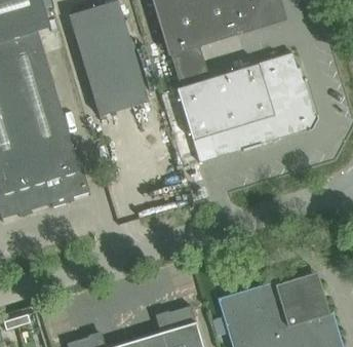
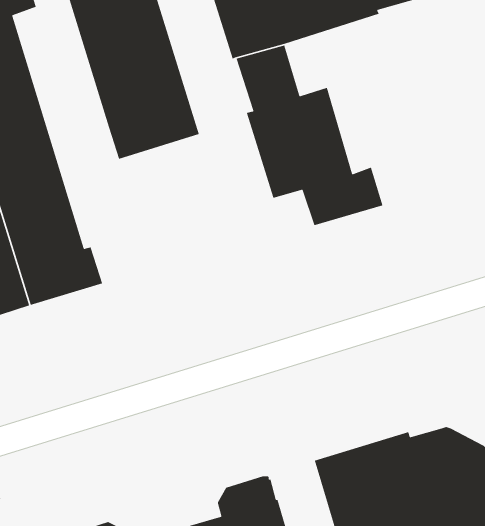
building: [226,53,316,145] -> none

